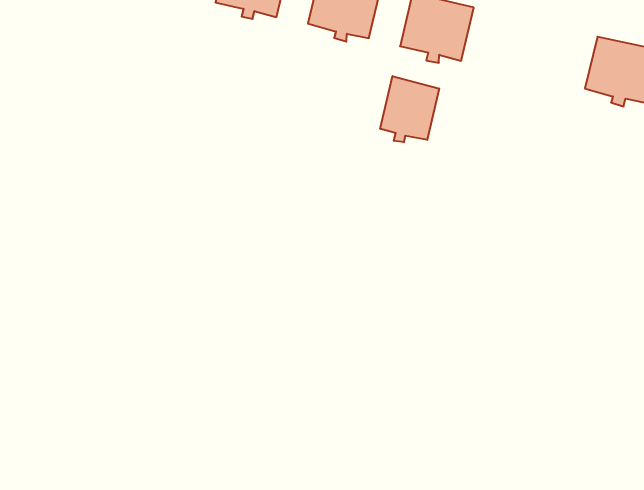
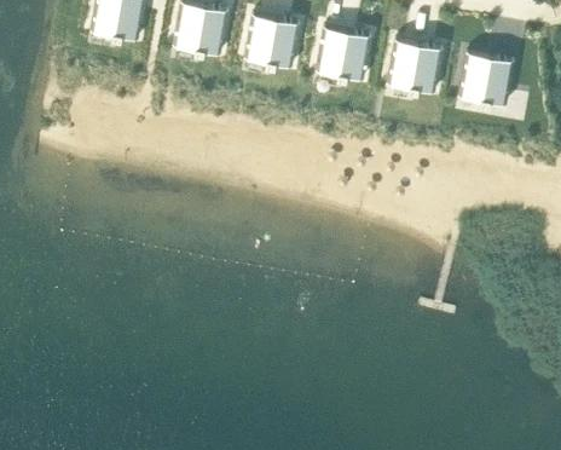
building: none -> [387,40,443,92]
building: [380,76,439,142] -> none

